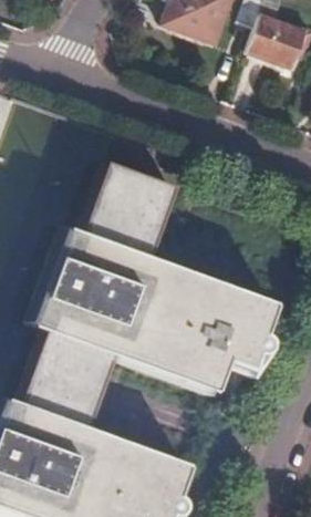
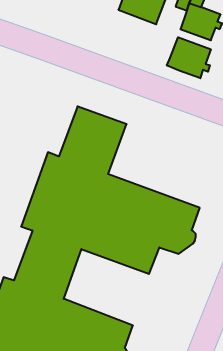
building: none -> [167,37,211,78]

